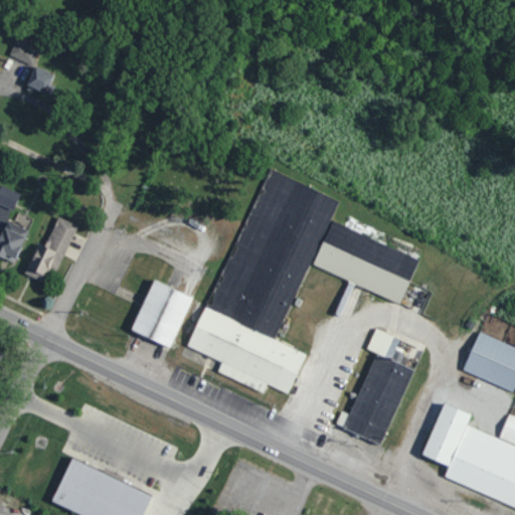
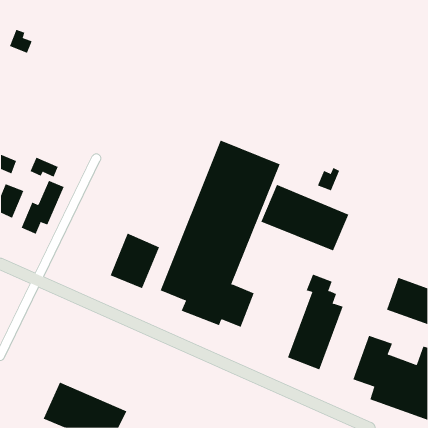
building: [27,65,55,96] -> none
building: none -> [30,157,59,177]
building: none -> [317,167,340,191]

